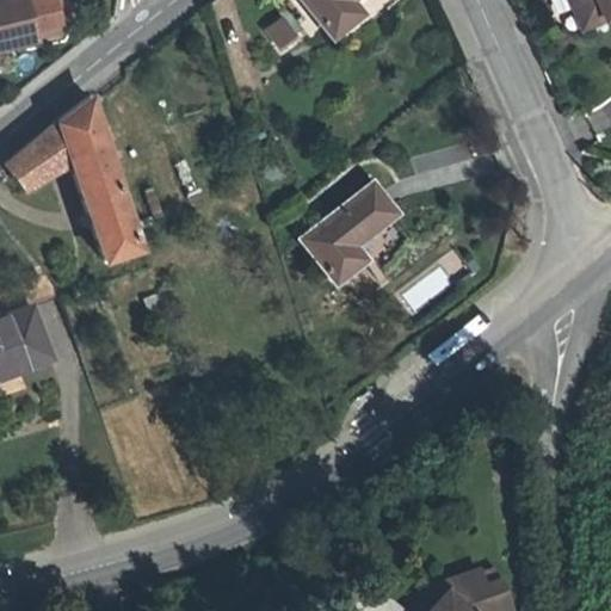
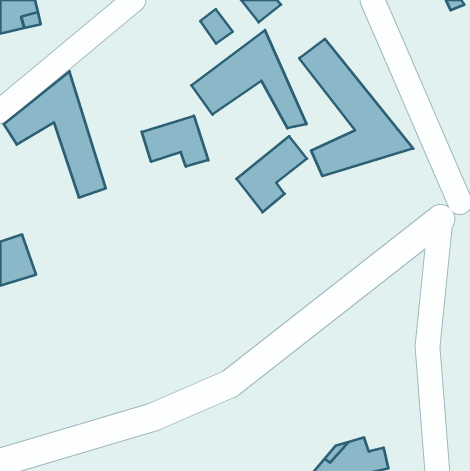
building: none -> [191,30,306,128]
building: none -> [299,39,413,176]
building: none -> [142,116,208,167]

